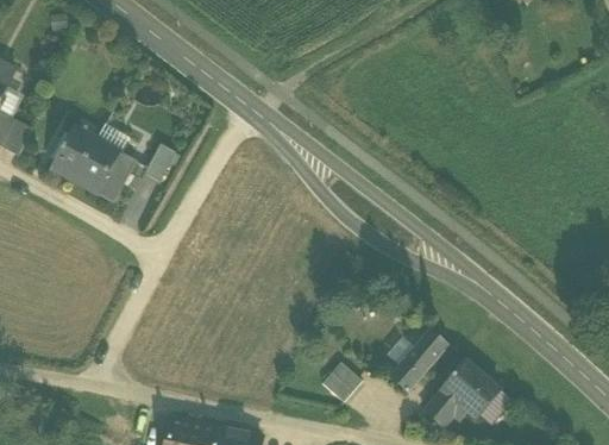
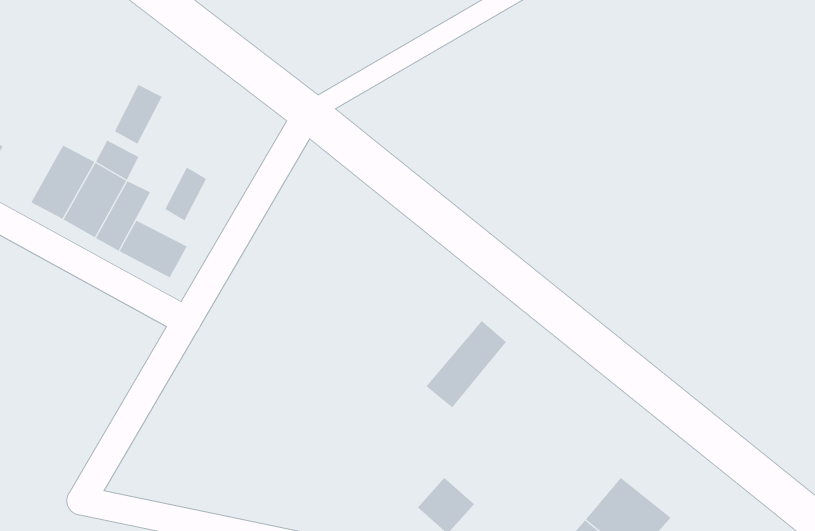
building: none -> [114,84,163,145]
building: none -> [119,220,187,278]
building: [389,331,446,393] -> [426,320,507,408]

